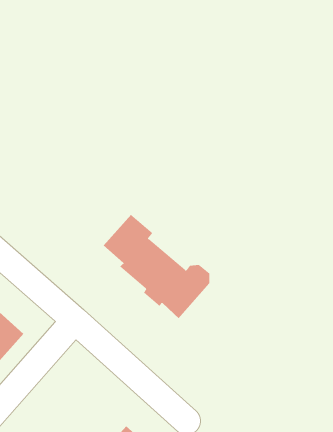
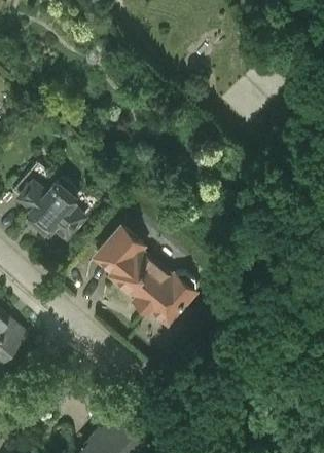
building: none -> [12,163,84,238]

